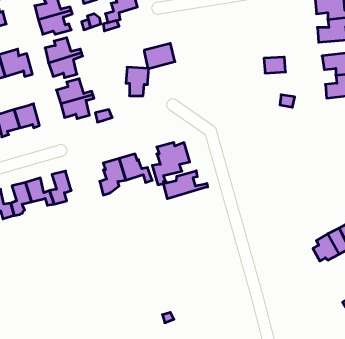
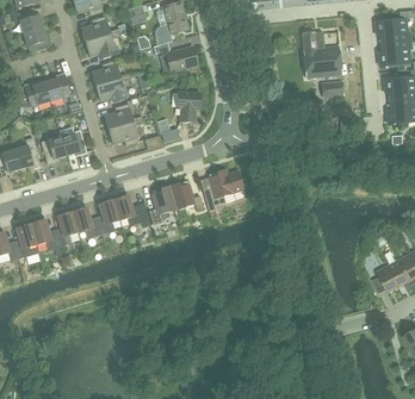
building: none -> [301,31,340,77]
building: [144,43,175,68] -> [165,45,197,71]
building: none -> [112,194,149,226]
building: [164,171,208,199] -> none

